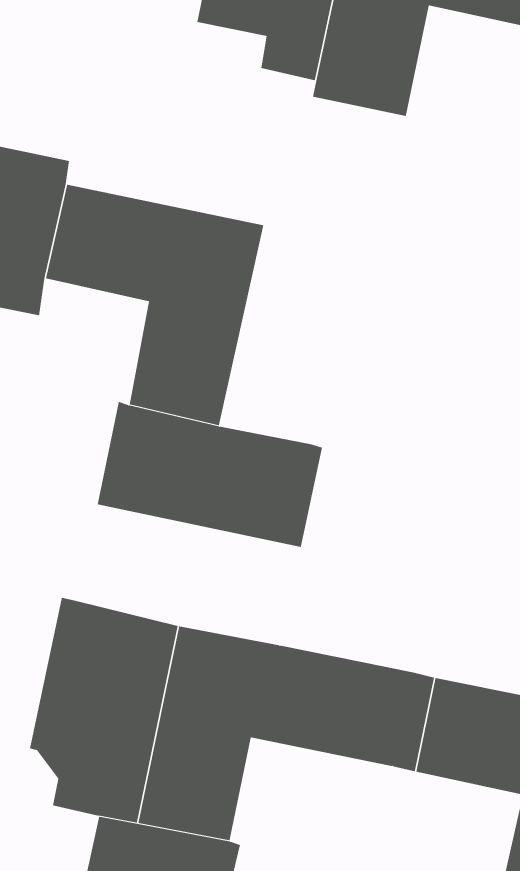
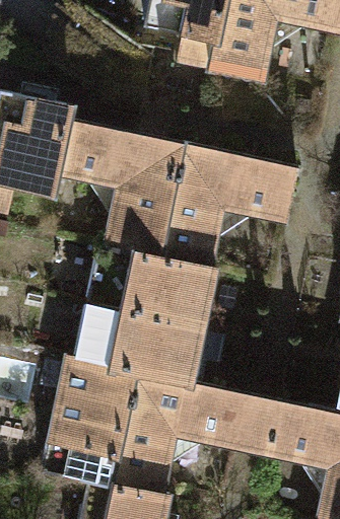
building: none -> [158,144,297,269]
building: none -> [77,303,205,383]

